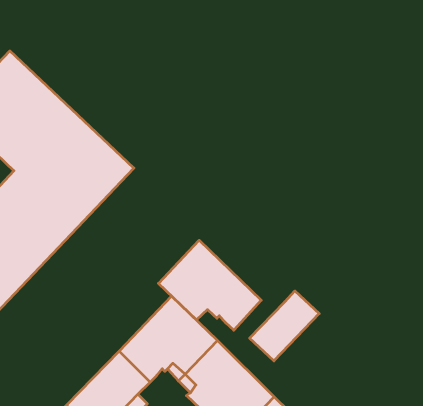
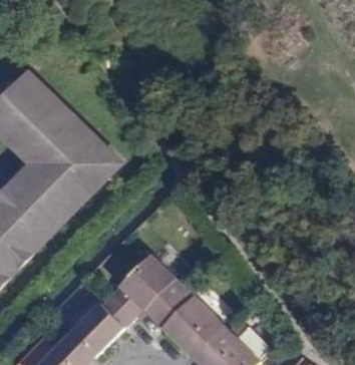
building: [158,240,261,330] -> none
building: [250,291,319,361] -> none

